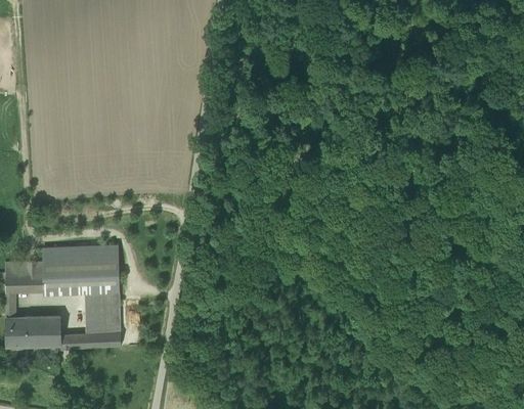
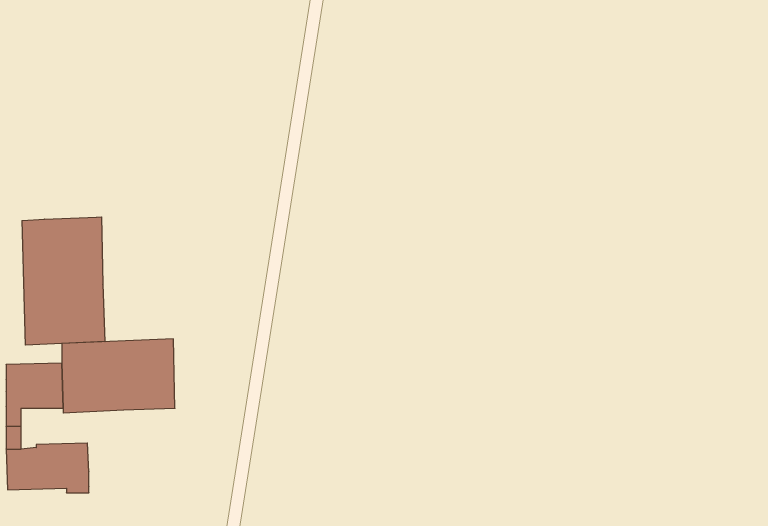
building: none -> [22,217,105,345]
building: [61,291,121,349] -> none

